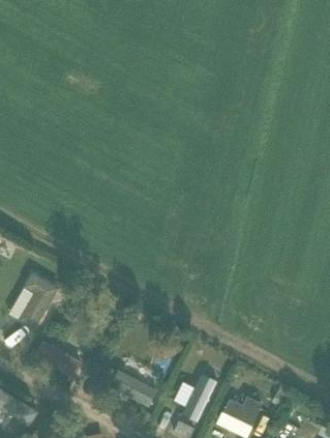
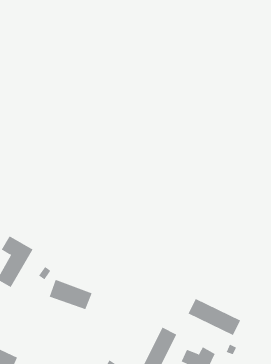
building: none -> [188,298,241,336]
building: [110,372,158,406] -> [49,279,93,310]

